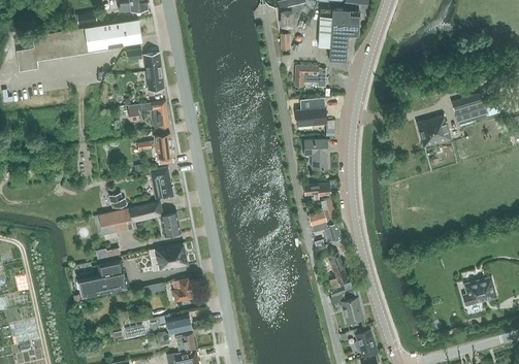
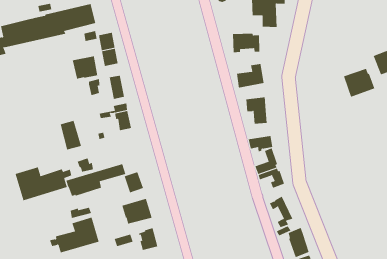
building: none -> [72,56,98,80]
building: [151,166,173,199] -> [60,120,82,150]
building: none -> [15,166,72,201]

